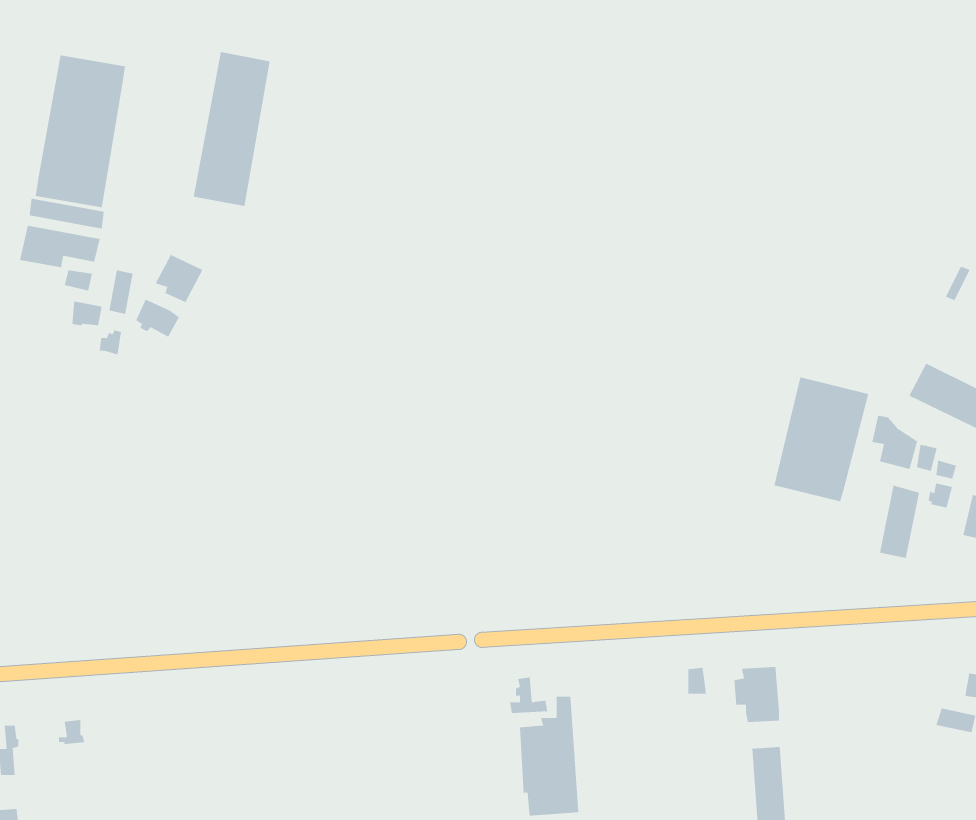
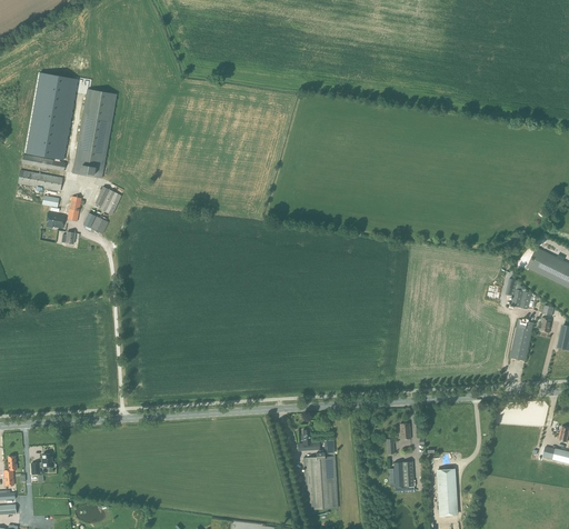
building: [193,51,270,207] -> [72,88,117,177]
building: [774,376,869,502] -> none
building: [733,666,780,723] -> [388,460,415,492]

